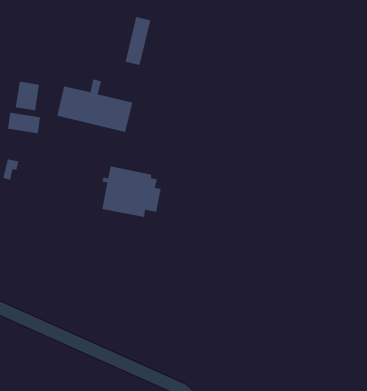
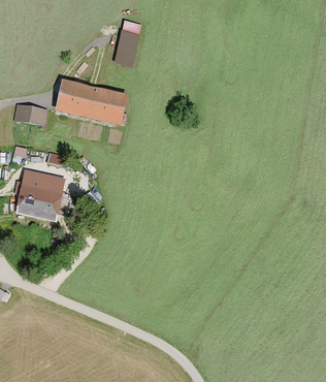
building: [15,81,40,111] -> none
building: [102,166,162,217] -> [18,173,69,218]

